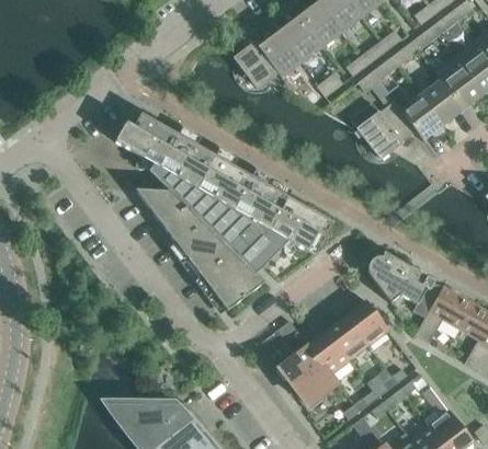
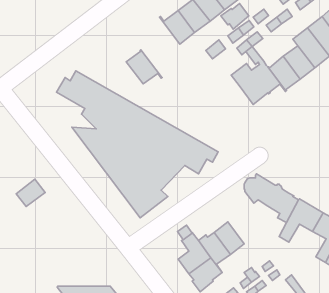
building: none -> [221,4,249,29]
building: [234,42,282,88] -> [126,50,162,84]
building: none -> [16,179,45,207]
building: [345,299,387,346] -> none

